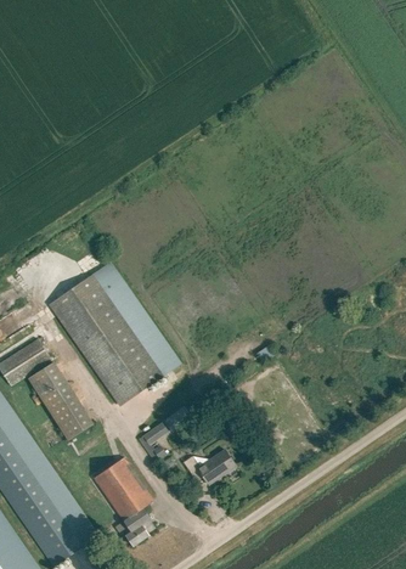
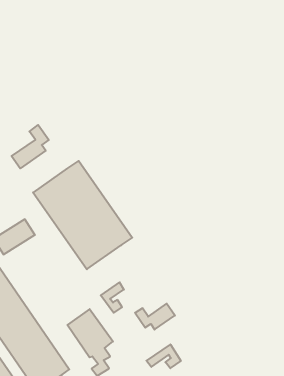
building: none -> [12,125,49,168]
building: [27,362,91,441] -> none
building: none -> [146,344,181,368]

